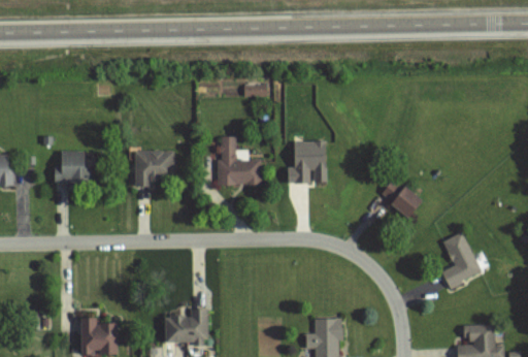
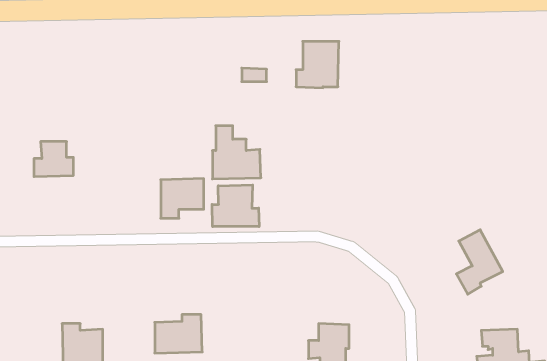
building: [287,140,326,183] -> [296,41,339,88]
building: [134,150,173,186] -> [161,179,204,218]
building: [380,177,421,217] -> none
building: none -> [212,185,259,227]

